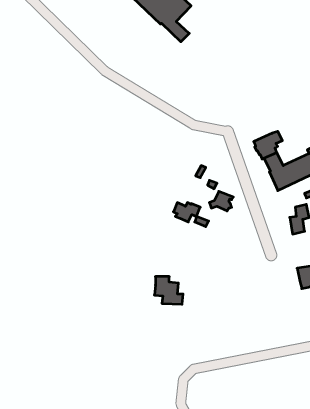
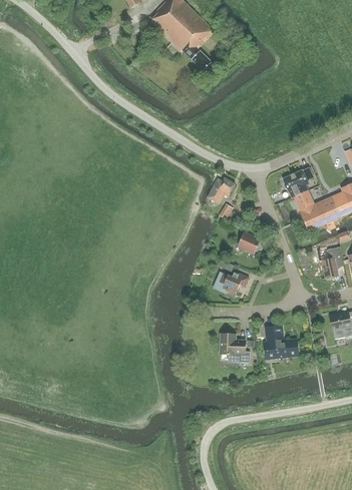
building: none -> [207,176,236,201]
building: [173,203,200,222] -> [220,272,249,293]
building: [154,277,183,304] -> [220,332,251,362]
building: none -> [266,326,298,357]

